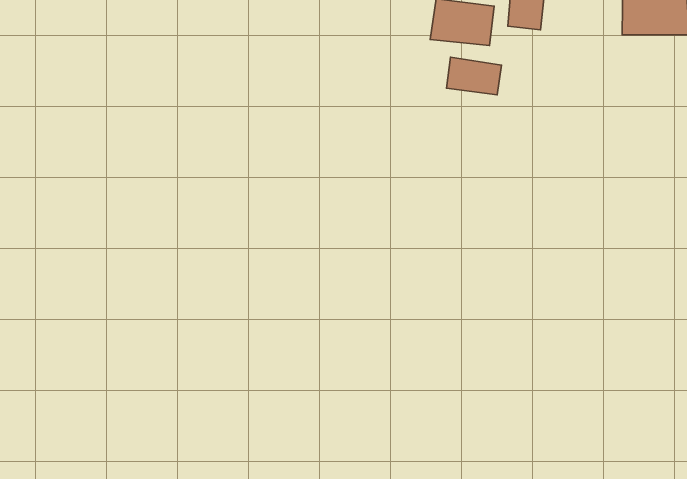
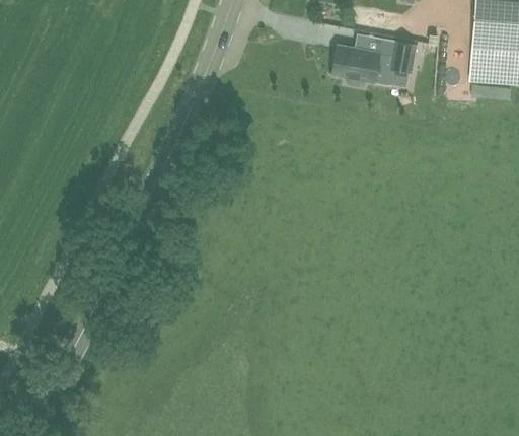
building: [447,57,502,95] -> none

